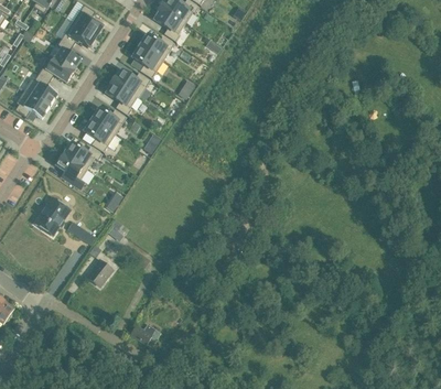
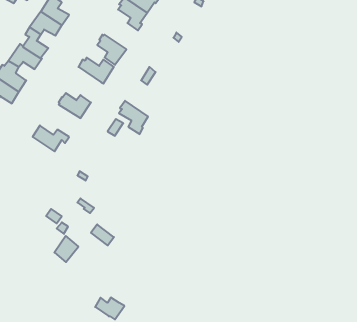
building: [139,33,174,61] -> none
building: [106,79,137,115] -> [119,101,148,134]
building: [84,119,115,151] -> none
building: [56,153,87,187] -> none
building: [34,196,69,235] -> none

